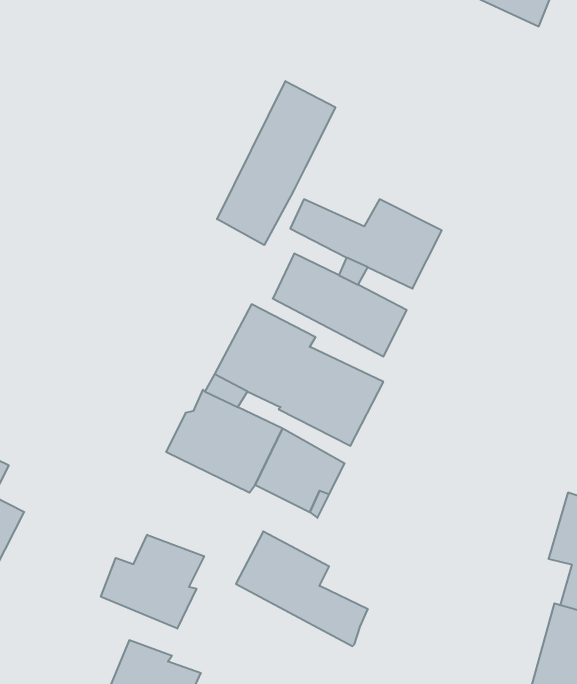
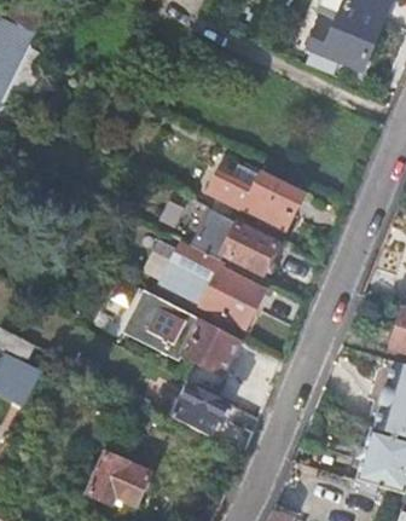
building: [217,81,335,245] -> none
building: [101,535,204,629] -> none

